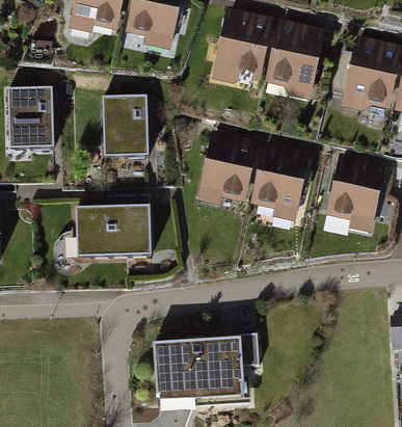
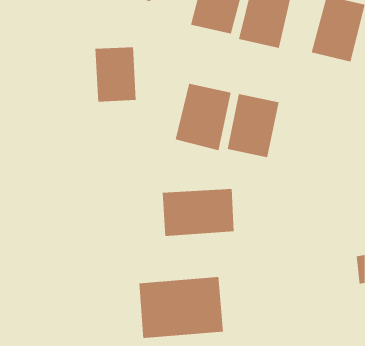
building: [12,86,59,146] -> none
building: [327,158,384,223] -> none
building: [73,211,152,263] -> [162,189,235,236]

